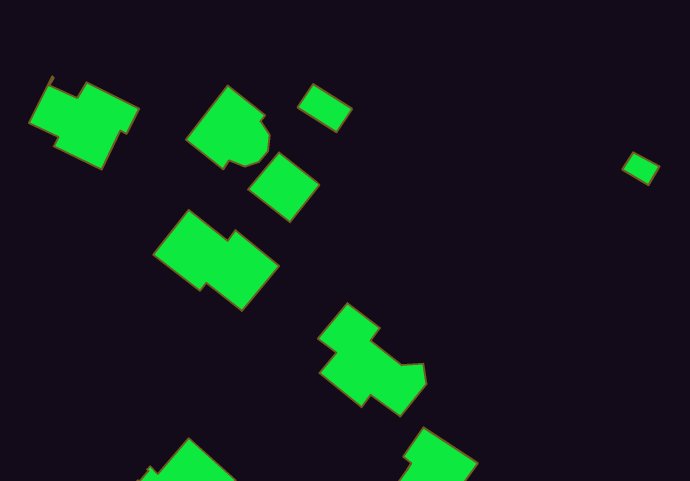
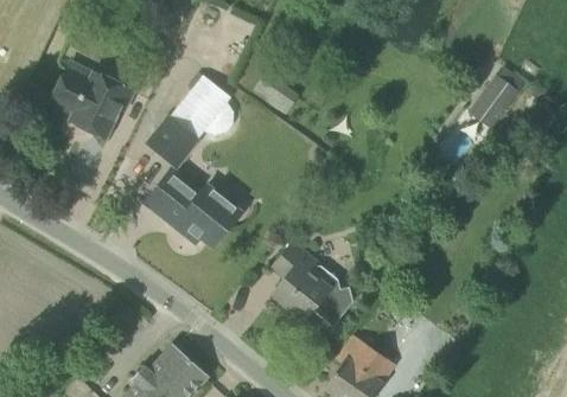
building: none -> [469,75,520,130]
building: [248,152,319,222] -> [147,116,202,169]

